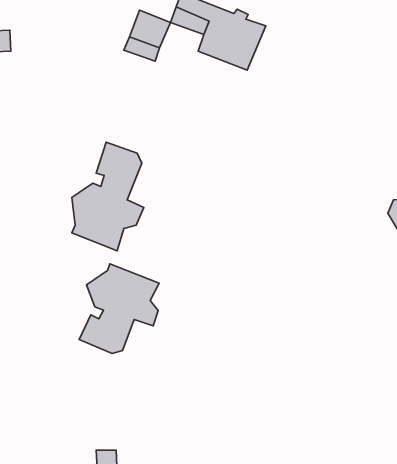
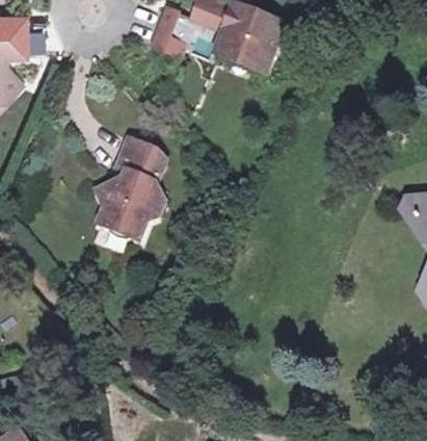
building: [79,264,159,353] -> none

